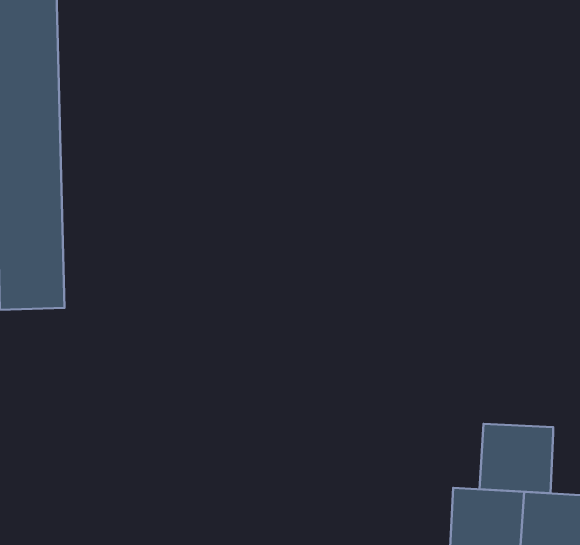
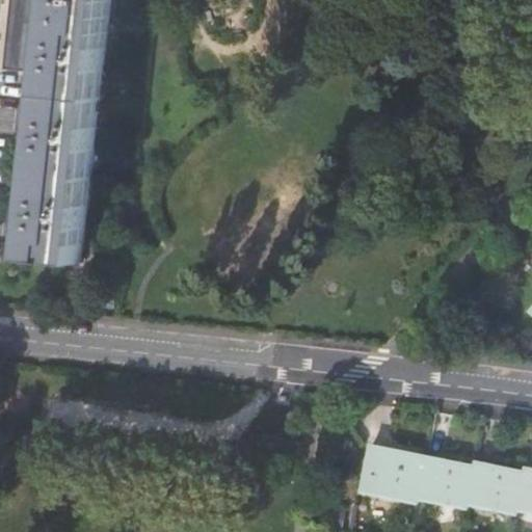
building: [479,424,553,493] -> none

